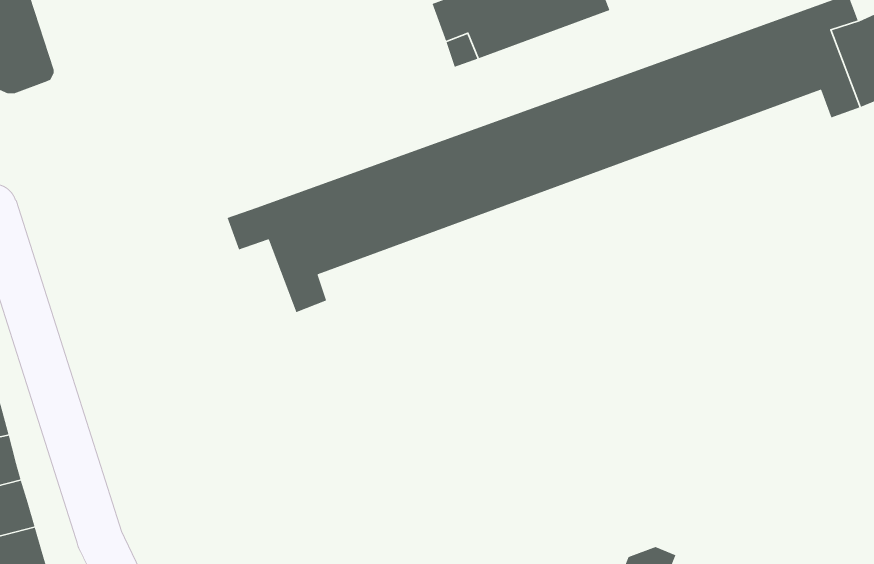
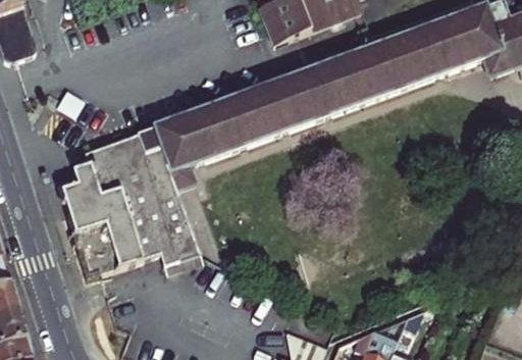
building: none -> [60,132,199,282]

